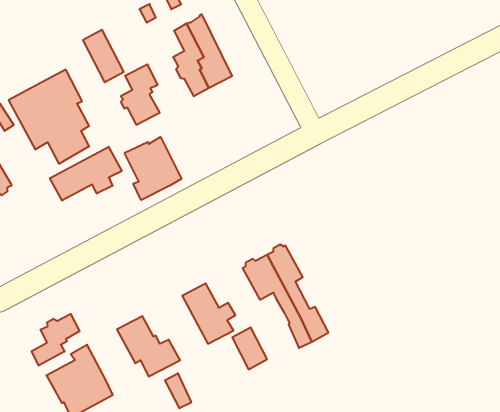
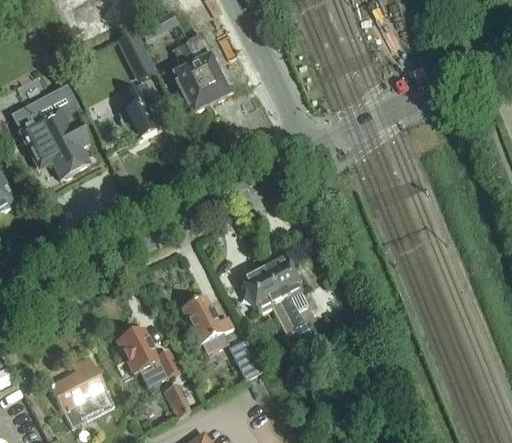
building: [83,30,124,82] -> [118,30,158,81]
building: [125,137,181,200] -> none
building: [50,147,122,201] -> none
building: [32,314,80,366] -> none

